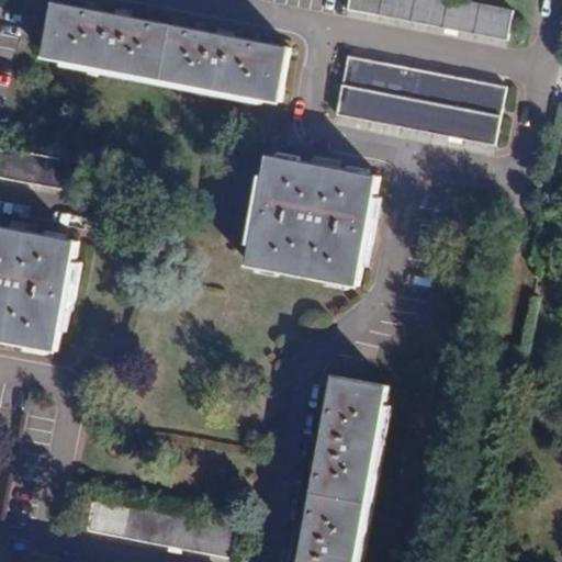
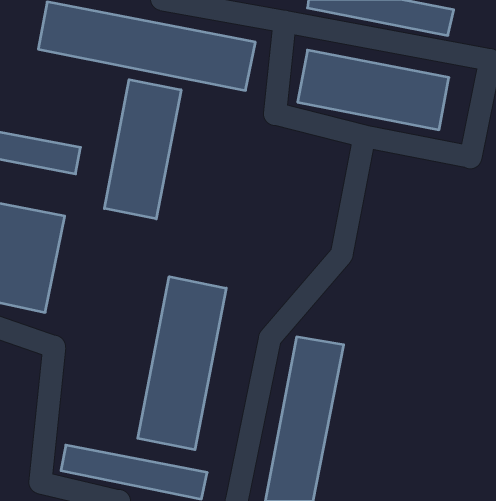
building: none -> [104,80,181,219]
building: [245,156,373,284] -> none
building: none -> [138,277,226,450]

